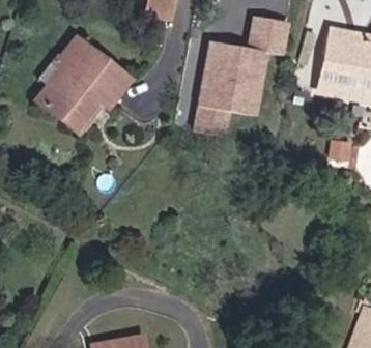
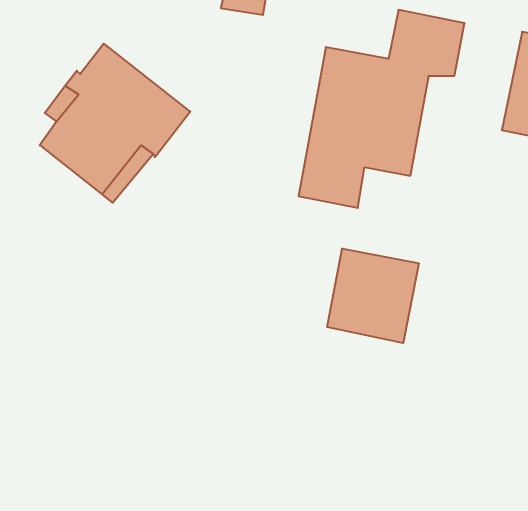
building: none -> [327,248,419,343]

